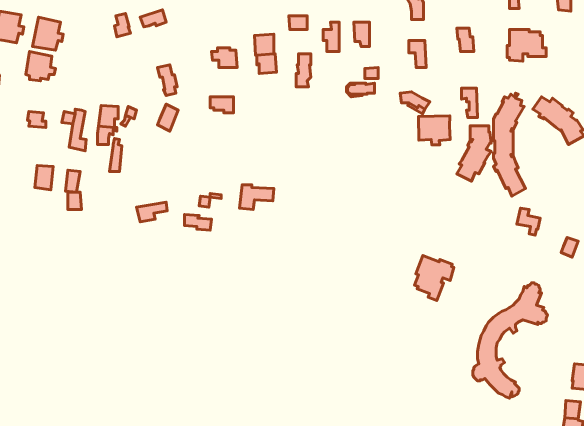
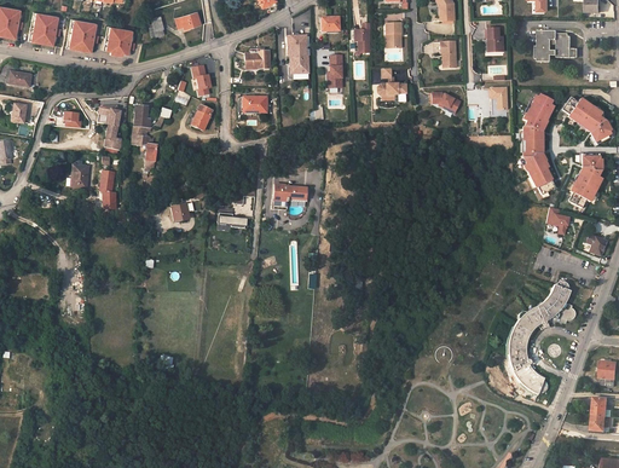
building: [26,51,55,81] -> [106,25,135,54]
building: [418,116,450,145] -> none
building: [457,126,491,181] -> [567,154,601,208]
building: [414,256,454,300] -> none

